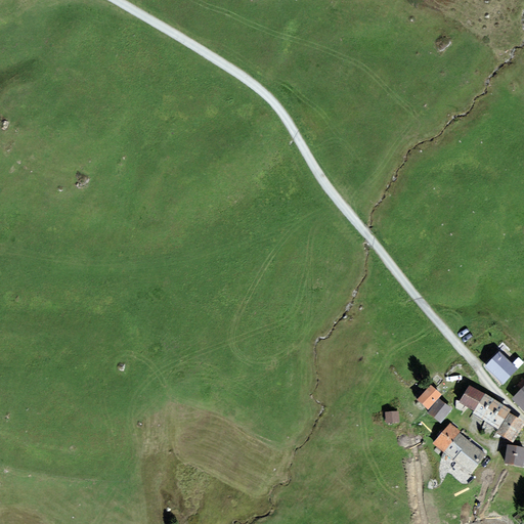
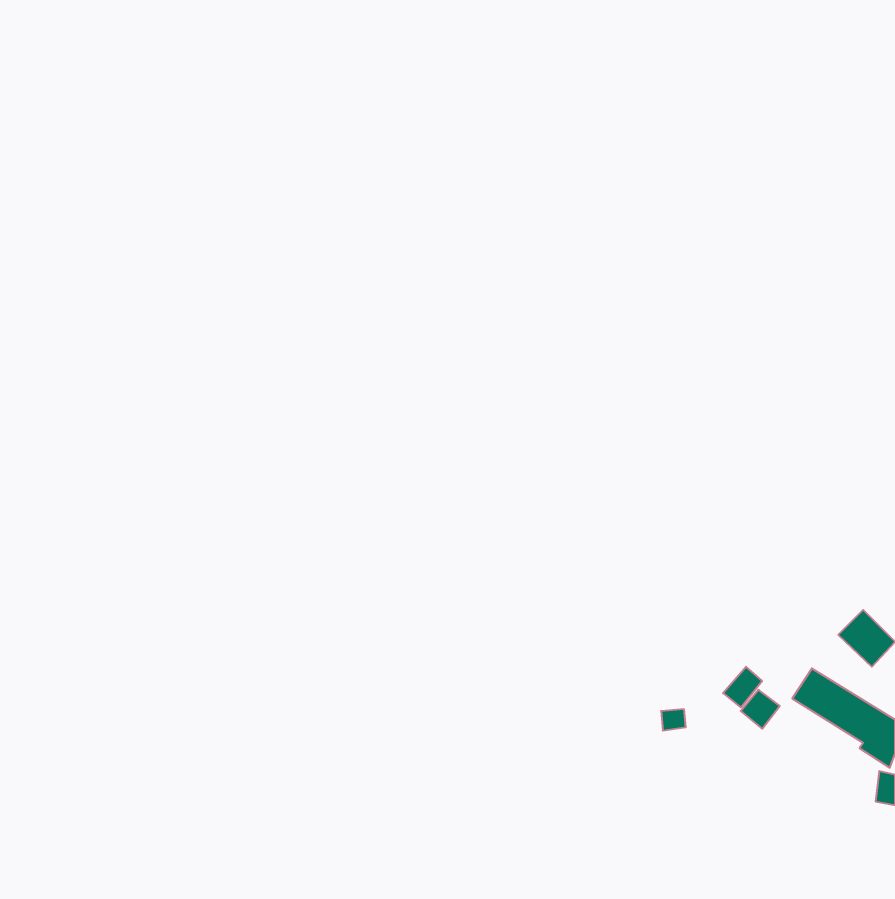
building: [431,424,486,473] -> none

